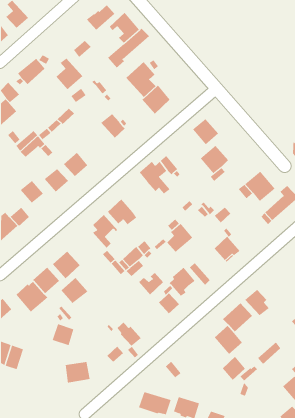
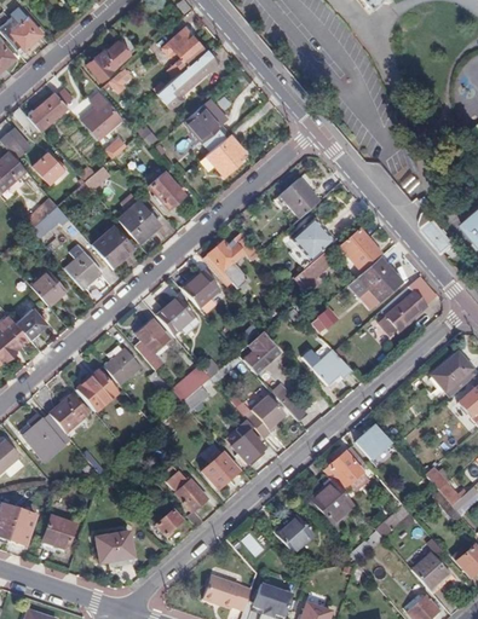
building: [86,5,115,30] -> [86,40,128,77]
building: none -> [33,151,67,181]
building: none -> [116,198,159,241]
building: none -> [340,227,376,268]
building: none -> [182,270,220,307]
building: [138,272,164,296] -> [201,455,238,488]
building: [61,277,88,304] -> [104,346,144,384]
building: [52,323,74,346] -> [41,515,74,548]
building: [222,356,246,381] -> [277,517,312,554]

